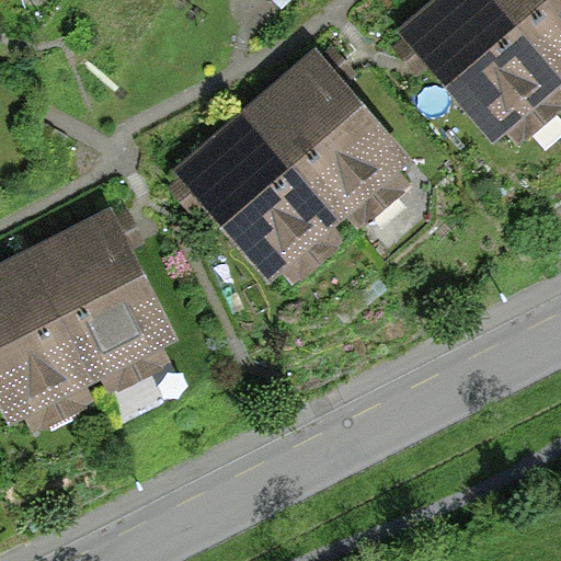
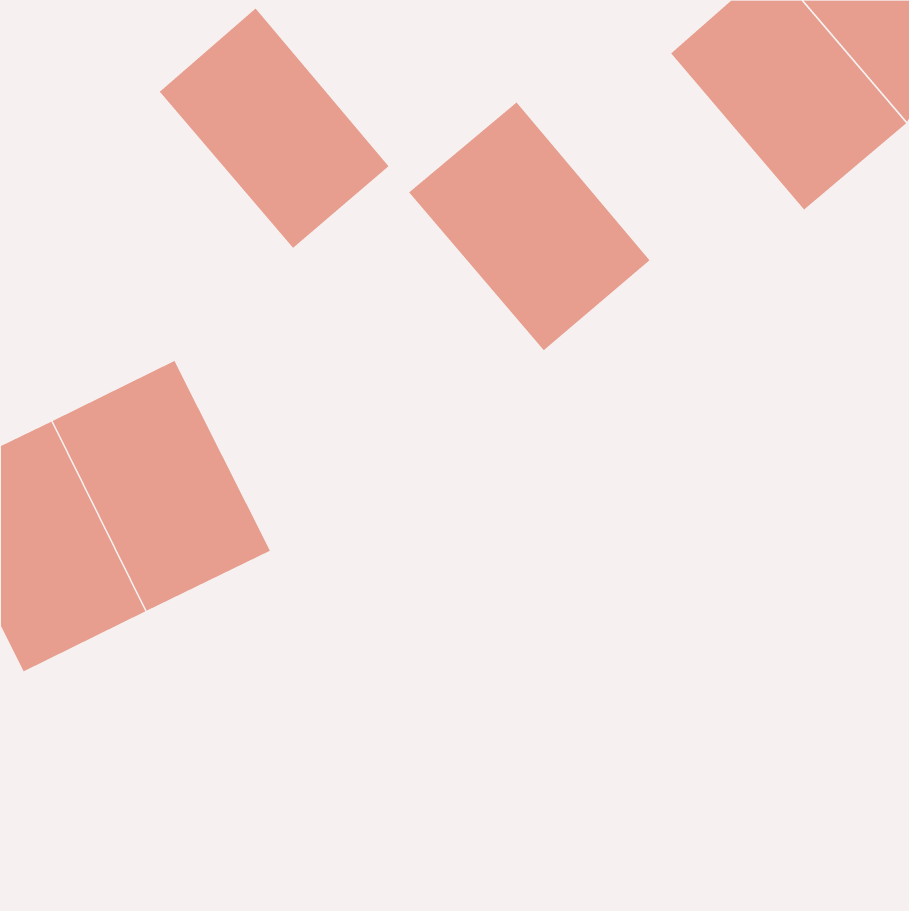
building: none -> [159,7,389,249]
building: [186,118,335,272] -> none

